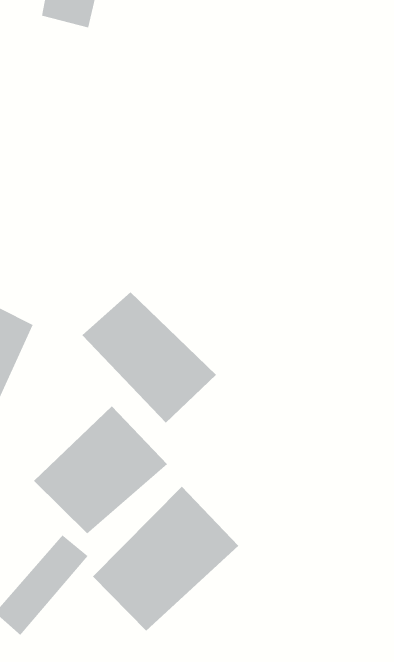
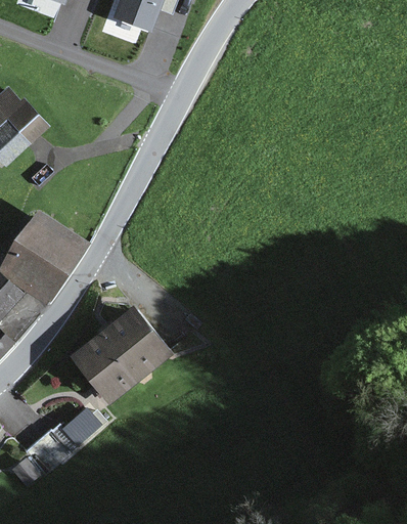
building: [81,292,217,423] -> none
building: [92,486,239,631] -> none

